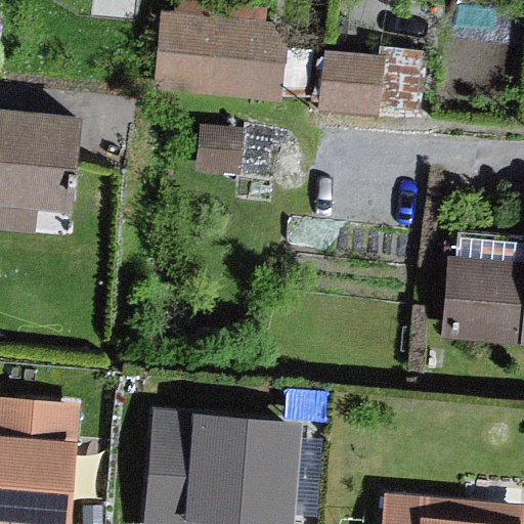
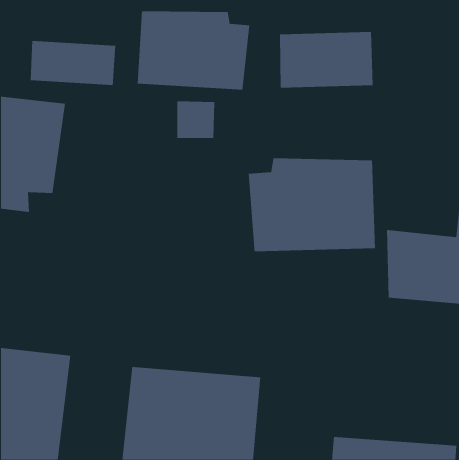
building: none -> [30,40,116,86]
building: none -> [248,157,375,252]

